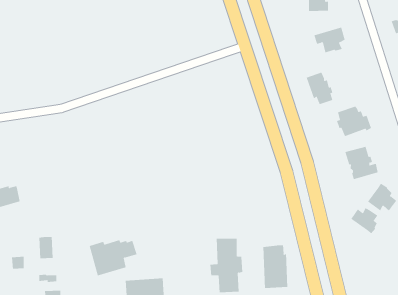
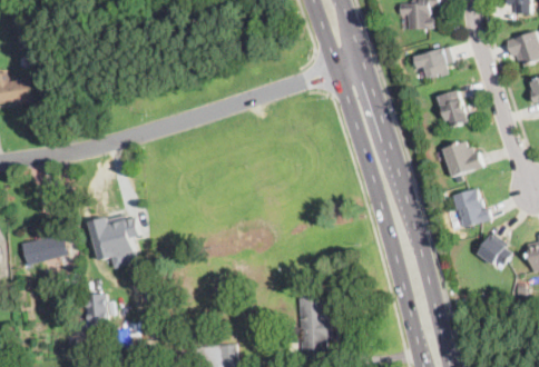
building: [306,72,333,105] -> [437,89,469,128]
building: [350,207,378,234] -> none
building: [89,239,138,276] -> [89,215,147,258]
building: [263,245,288,289] -> none

